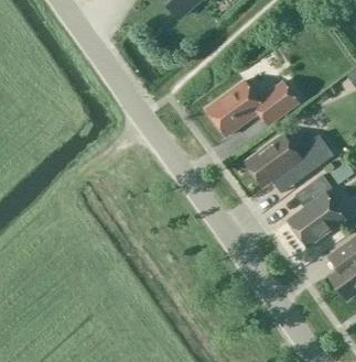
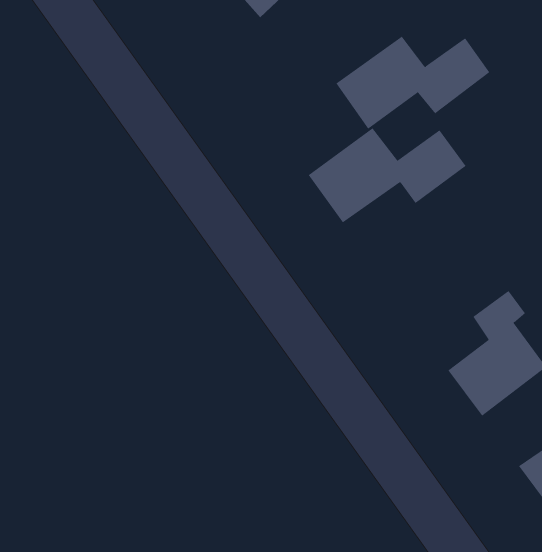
building: [245,133,334,187] -> [335,36,490,129]

